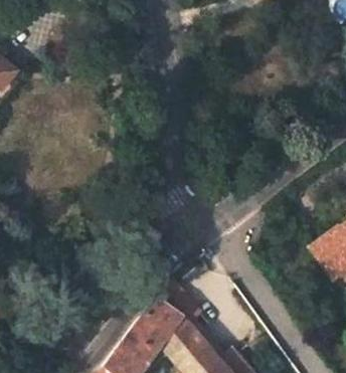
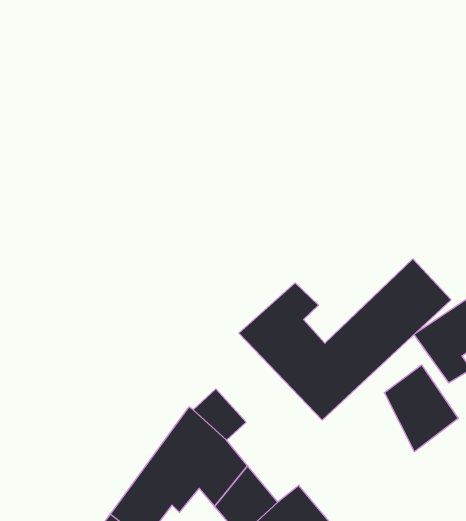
building: none -> [239,259,451,420]
building: none -> [384,365,458,452]

